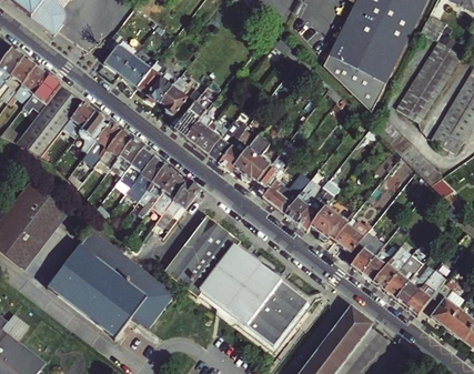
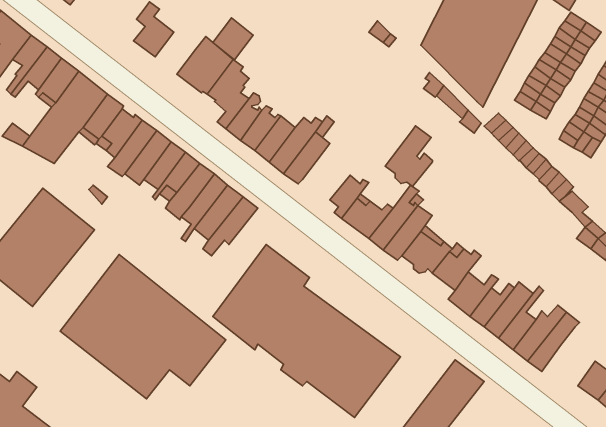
building: [120,54,151,87] -> [213,18,253,60]
building: [233,137,270,183] -> [385,126,433,186]
building: [431,281,458,326] -> none

